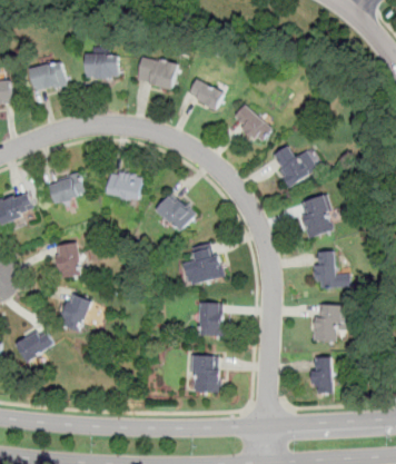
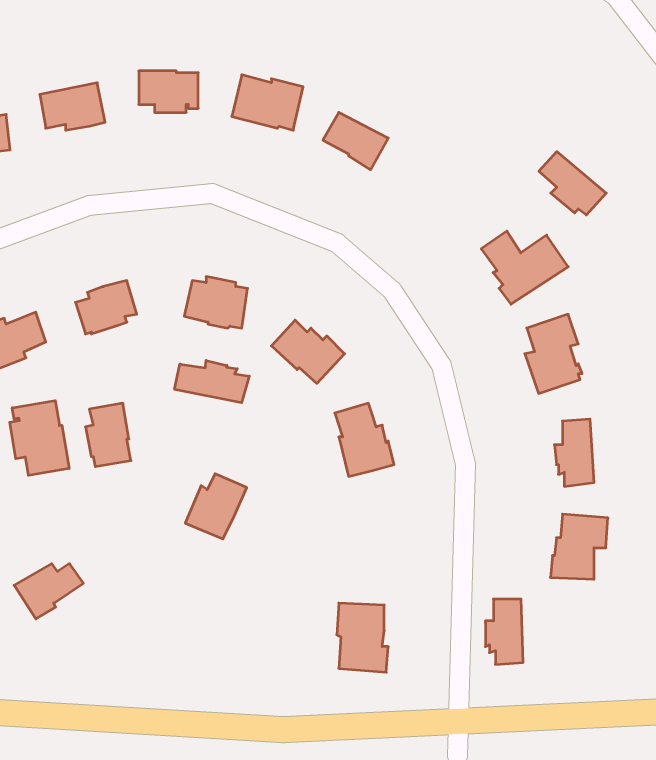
building: [235,106,273,141] -> [539,152,606,215]
building: none -> [175,360,249,403]
building: none -> [10,401,69,475]
building: [53,295,88,332] -> [185,474,247,539]
building: [200,303,225,336] -> none
building: [311,358,333,395] -> [485,599,523,664]

